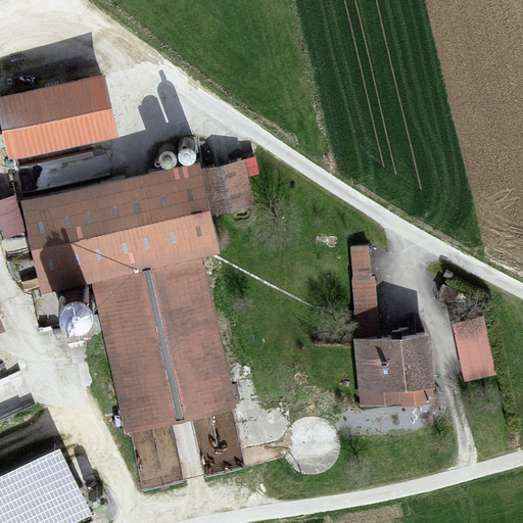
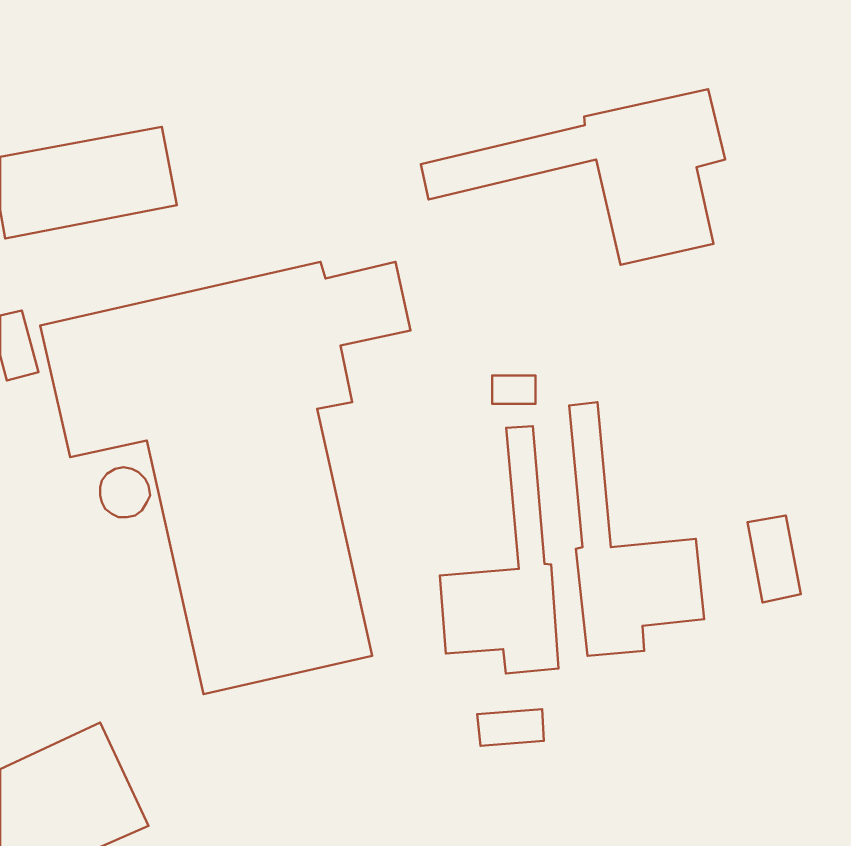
building: none -> [421,89,725,265]
building: none -> [440,426,559,673]

